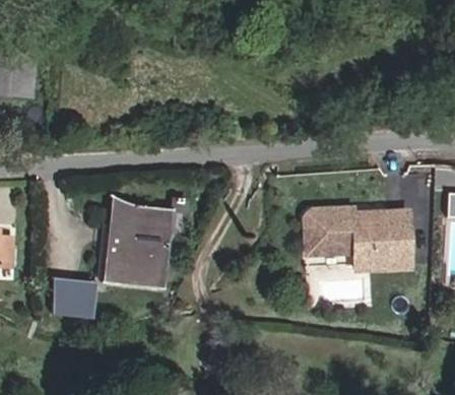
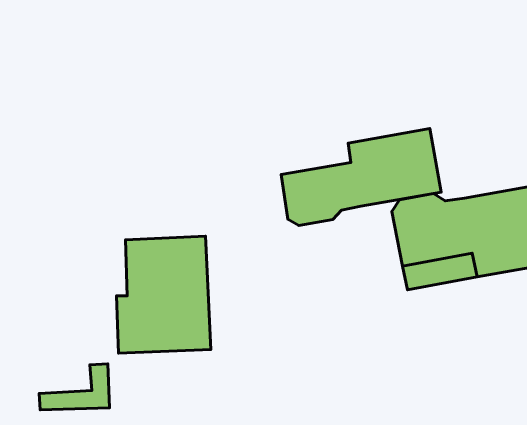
building: none -> [281,128,441,226]
building: [49,276,99,305] -> none

